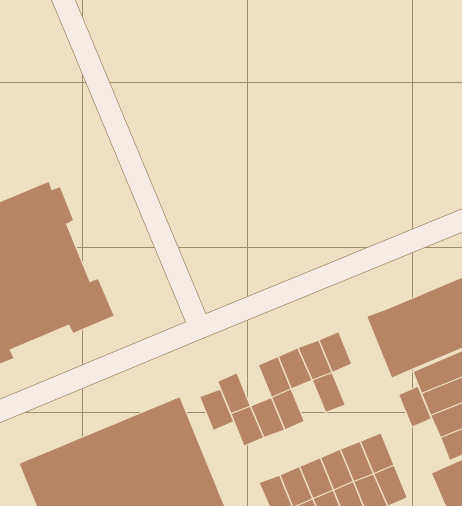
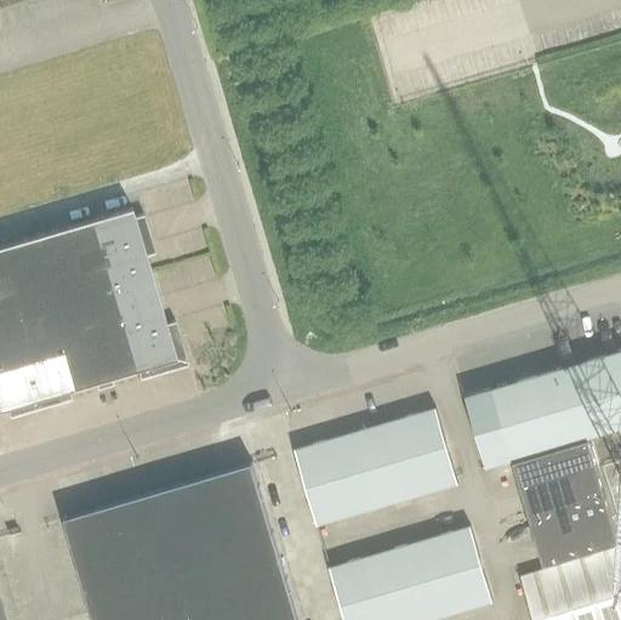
building: none -> [375,461,410,506]
building: [398,386,432,427] -> [422,448,456,493]
building: [200,389,234,430] -> [317,438,352,483]

